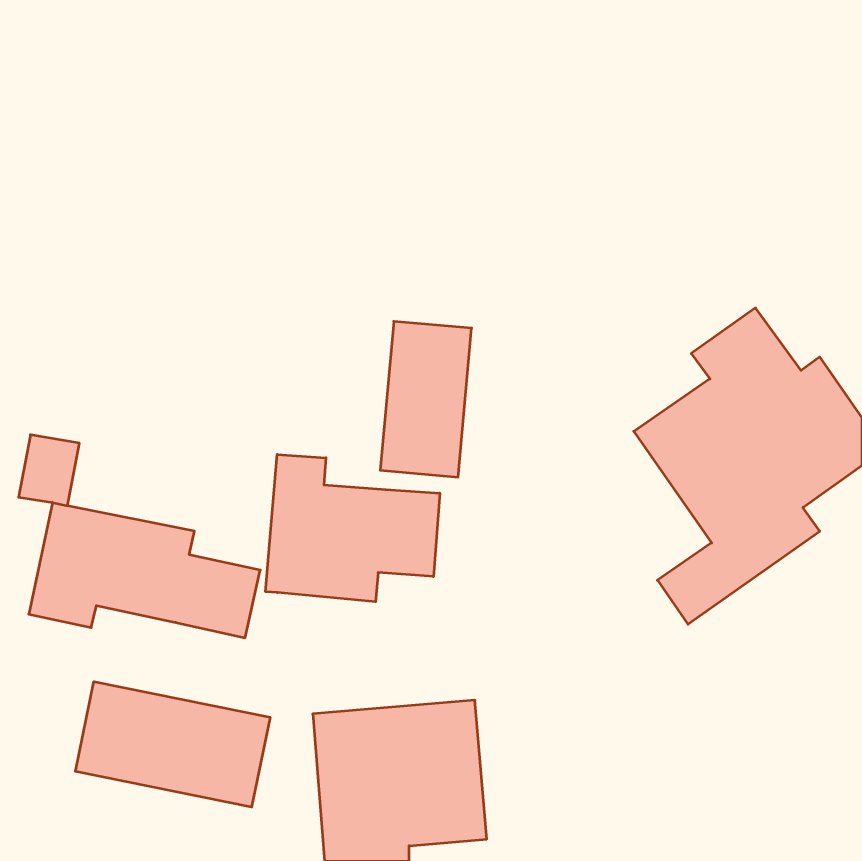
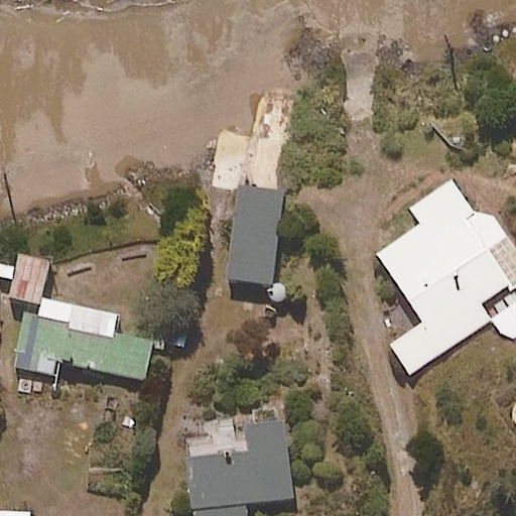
building: [266,454,440,602] -> none
building: [75,682,270,807] -> none

